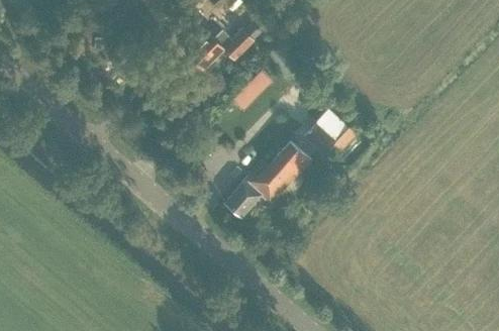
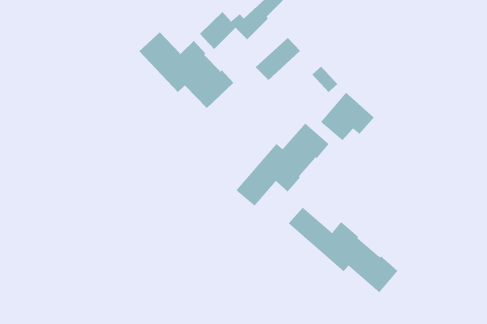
building: none -> [139,32,234,109]
building: none -> [288,207,398,293]

